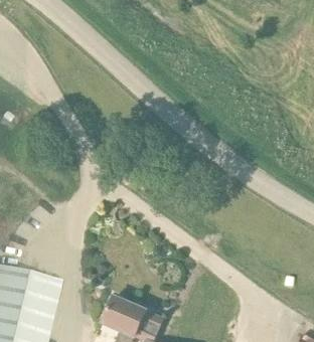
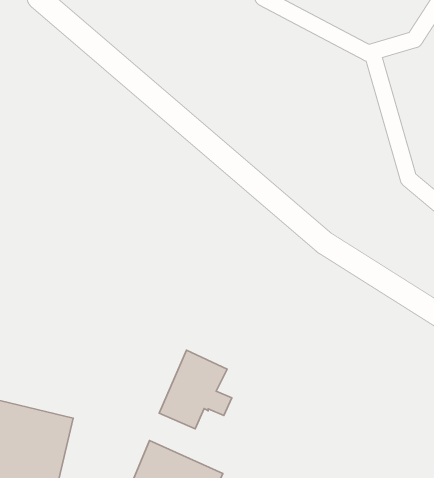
building: none -> [159,350,232,429]

